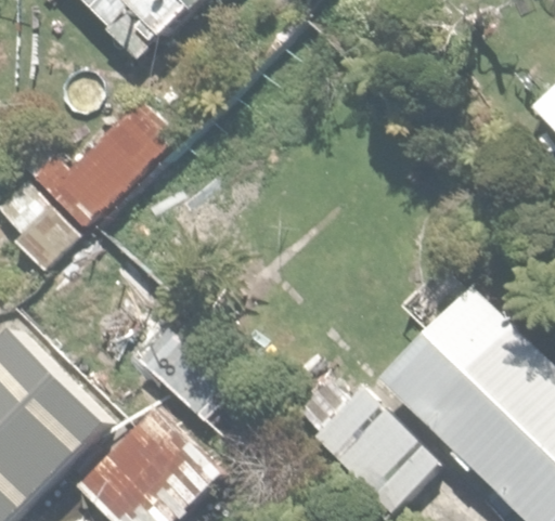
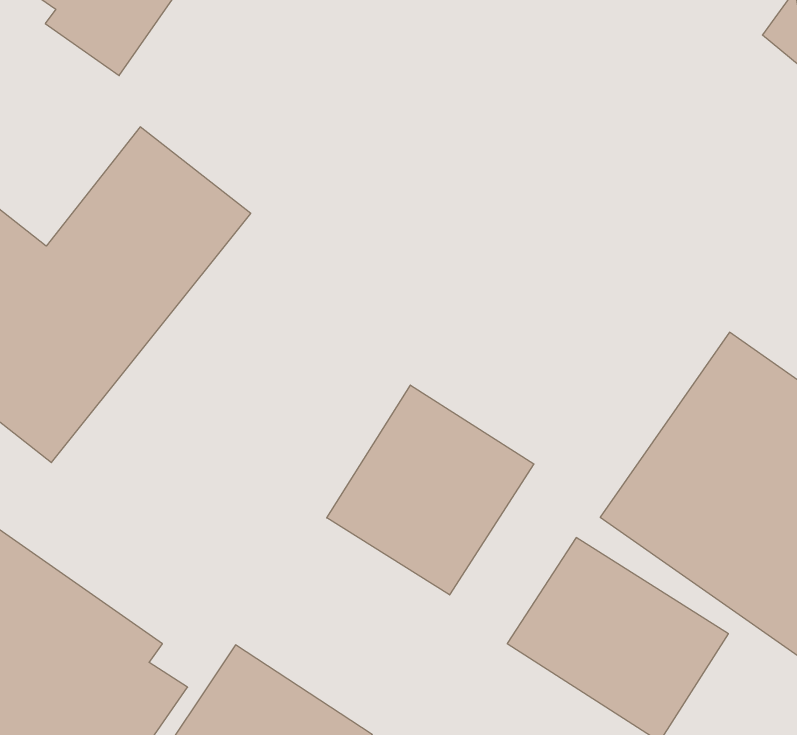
building: none -> [327,385,534,595]

